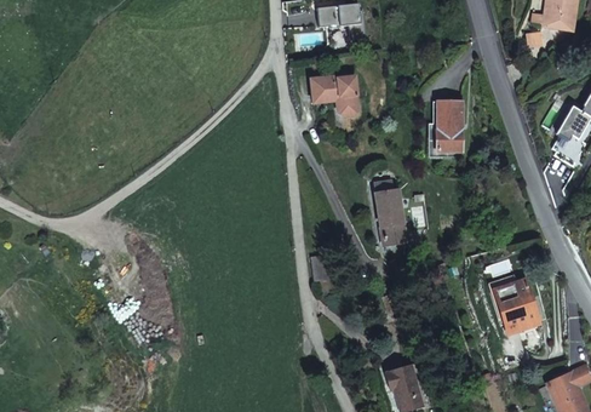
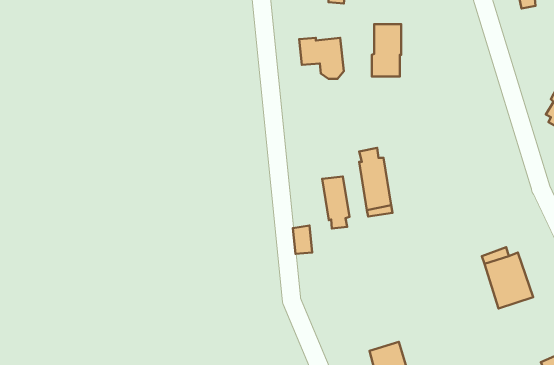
building: [435,101,463,150] -> [372,24,401,77]
building: none -> [322,177,349,229]

